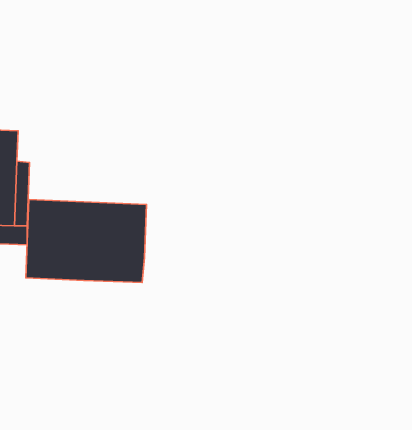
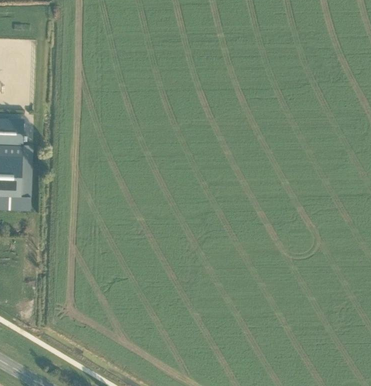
building: [26,200,147,282] -> none

